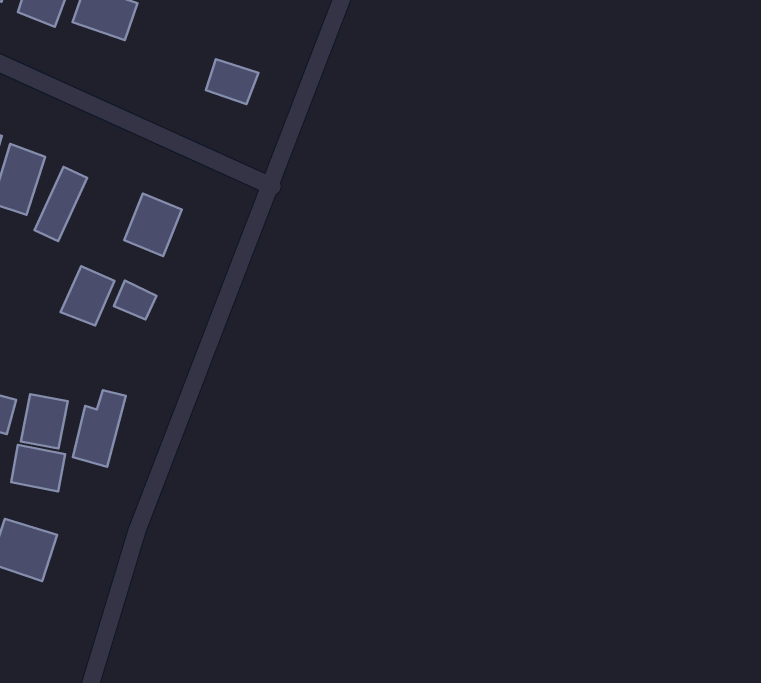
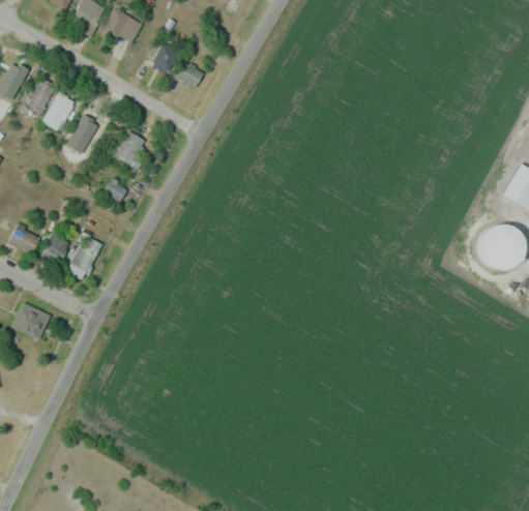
building: none -> [150,43,179,74]
building: [60,266,115,326] -> none
building: [11,445,65,491] -> none

